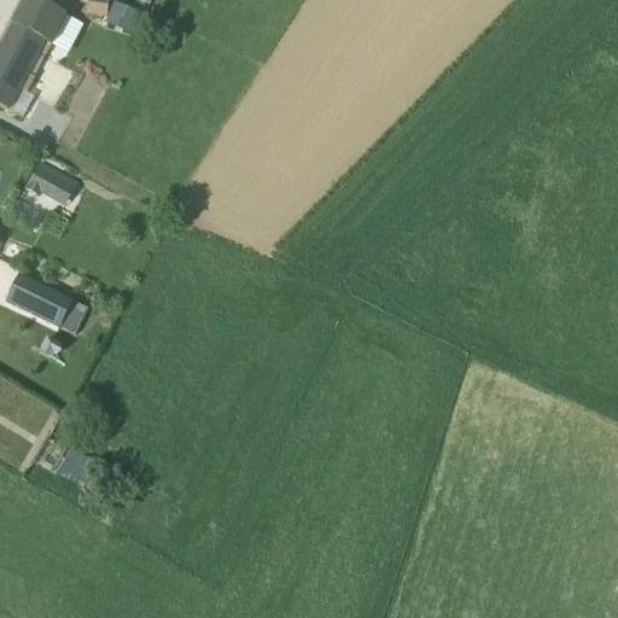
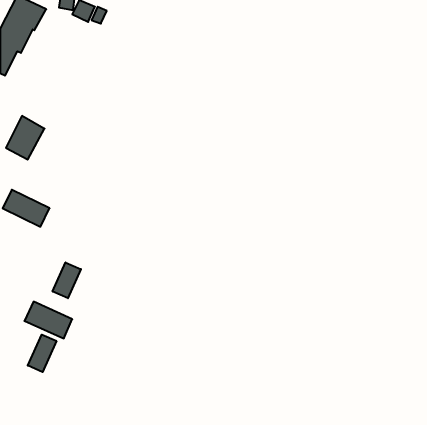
building: none -> [53,262,81,298]
building: none -> [28,335,56,372]

